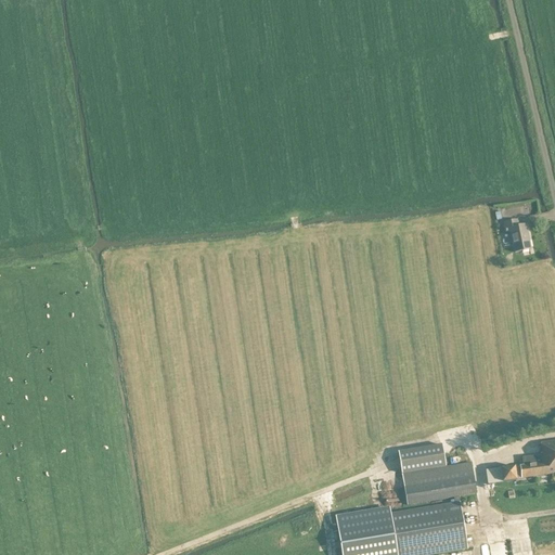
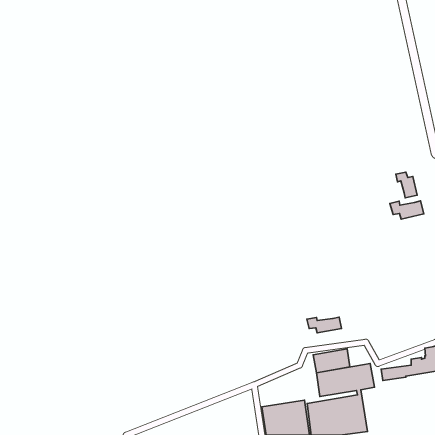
building: none -> [390,201,424,219]
building: none -> [307,317,341,333]

